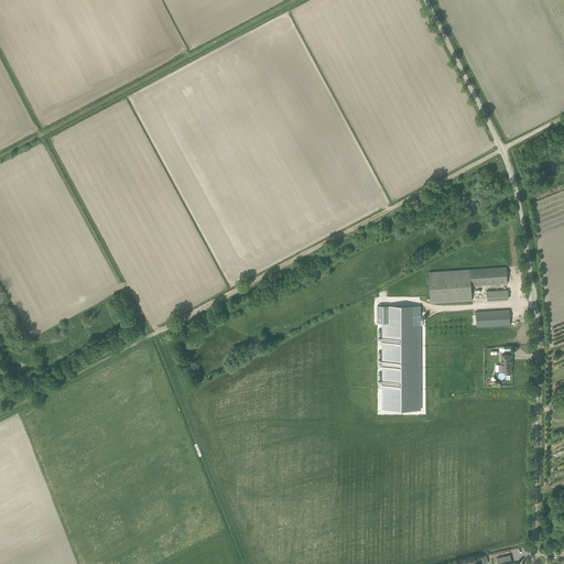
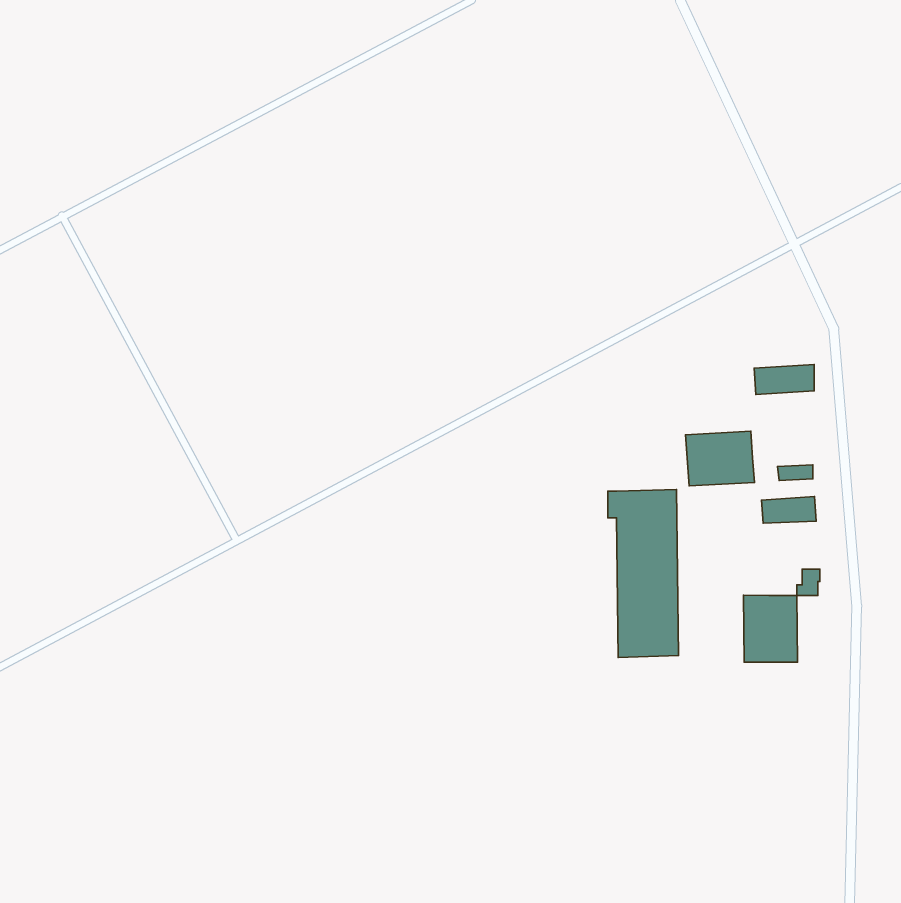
building: [468,267,506,285] -> [754,364,814,395]
building: none -> [743,595,797,662]

